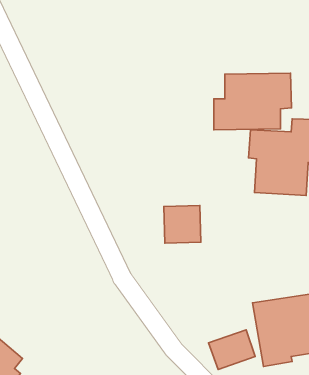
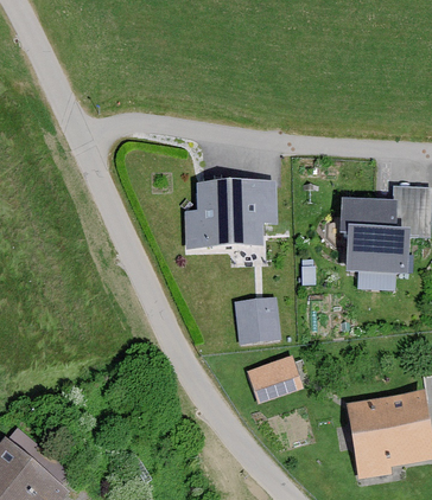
building: [214,73,292,130] -> [183,180,275,248]
building: [208,330,255,370] -> [246,357,301,404]

